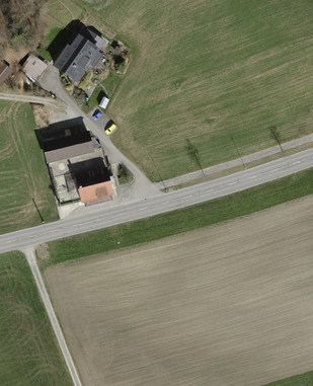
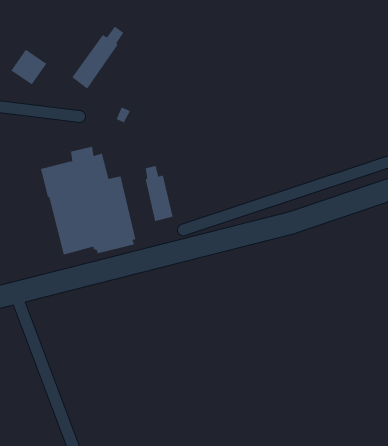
building: [53,27,98,74] -> none
building: none -> [145,165,173,222]

